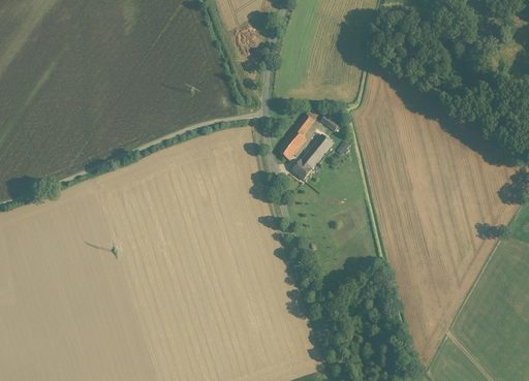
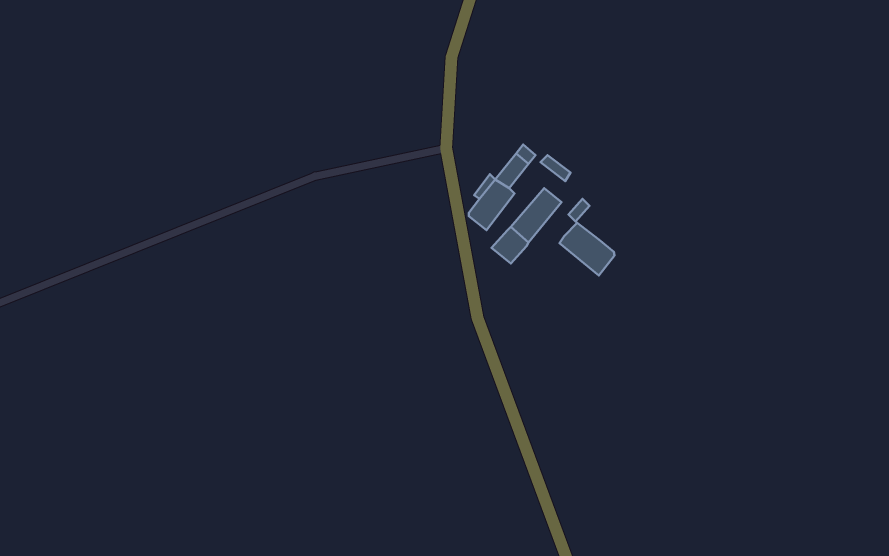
building: none -> [560,223,615,276]

